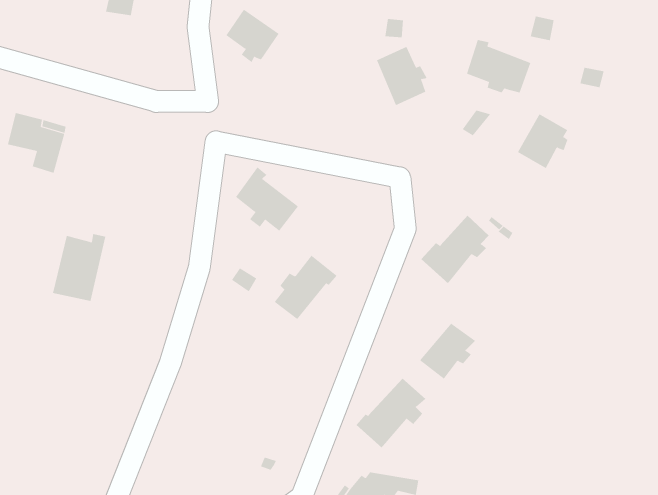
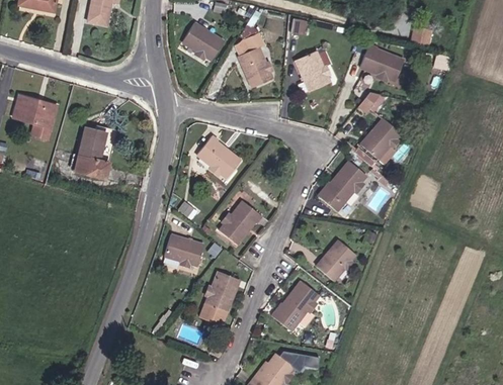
building: none -> [236,41,275,90]
building: [517,113,568,169] -> [360,120,398,161]
building: [52,234,106,301] -> [81,123,120,173]
building: none -> [157,235,197,270]
building: none -> [194,271,232,313]

